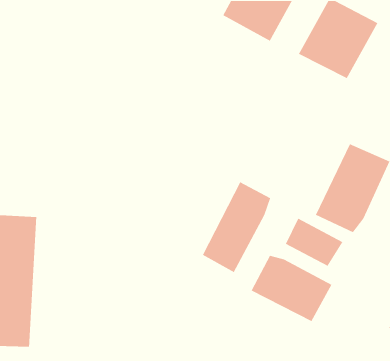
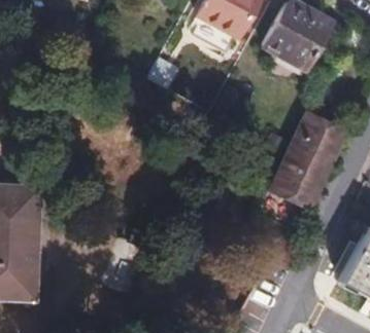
building: [202,181,271,273] -> none
building: [251,255,332,322] -> none

